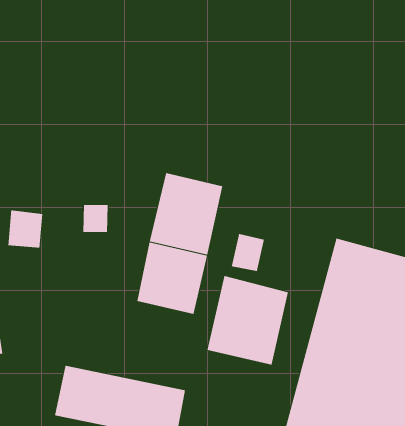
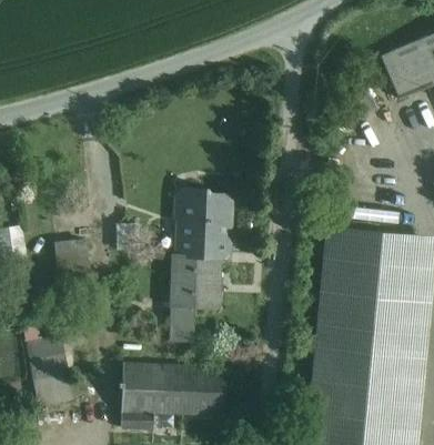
building: [231,233,265,272] -> none
building: [207,275,289,366] -> none
building: none -> [168,311,192,344]

